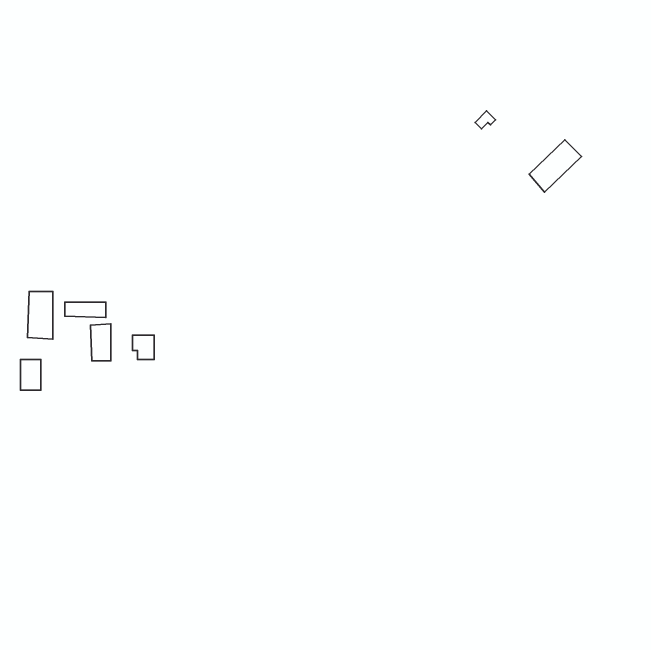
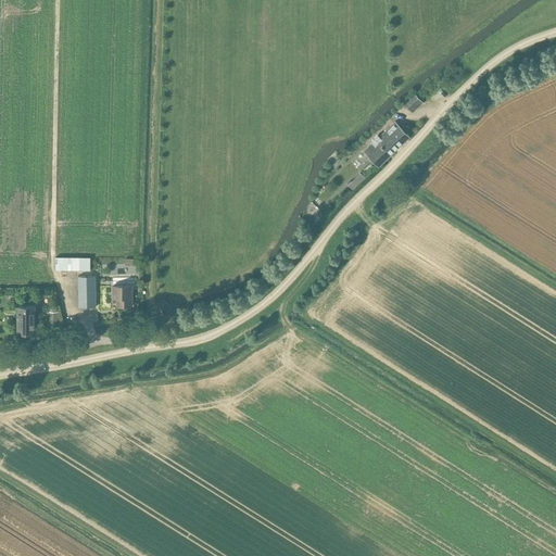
building: [529,140,581,192] -> [364,123,408,167]
building: [28,291,53,339] -> none

